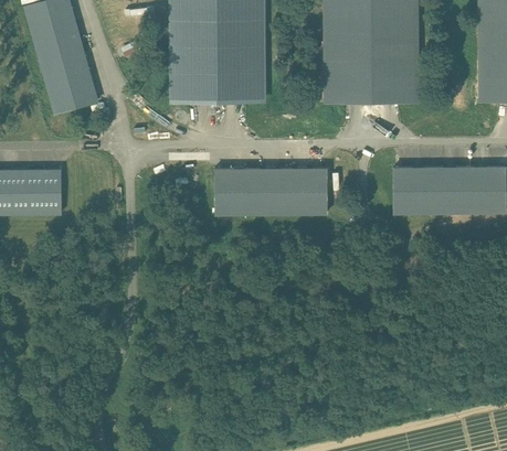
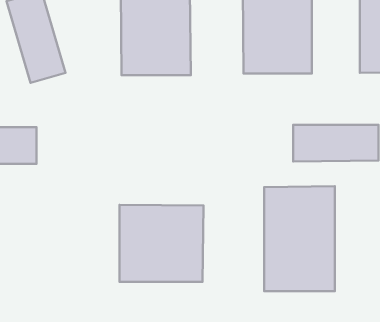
building: [216,169,327,216] -> none
building: none -> [264,186,335,291]
building: none -> [120,205,204,282]

